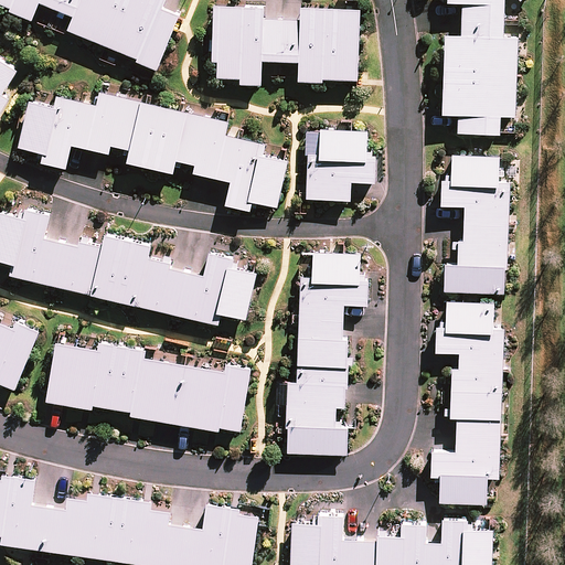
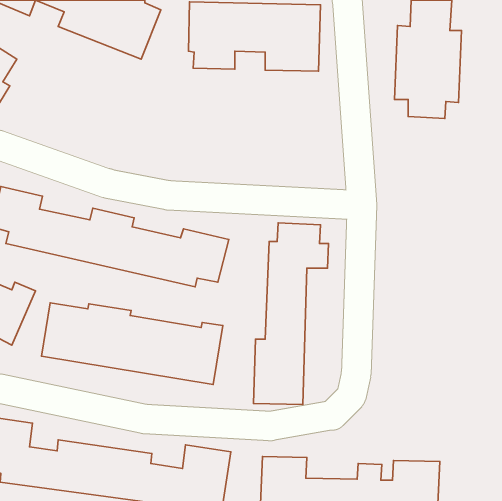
building: [18,94,288,211] -> none
building: [306,129,377,199] -> none
building: [441,156,508,292] -> none
building: [430,303,503,504] -> none

